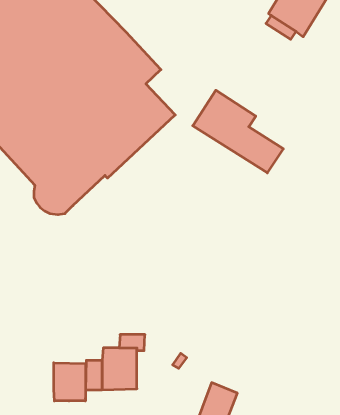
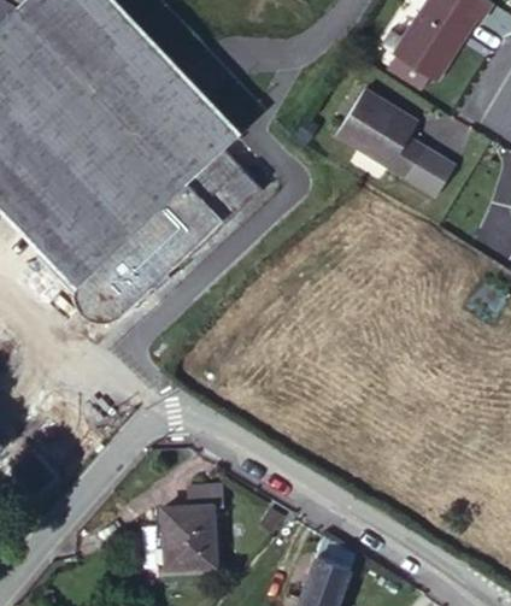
building: [193,90,283,173] -> [333,87,456,199]
building: [54,363,85,401] -> none

